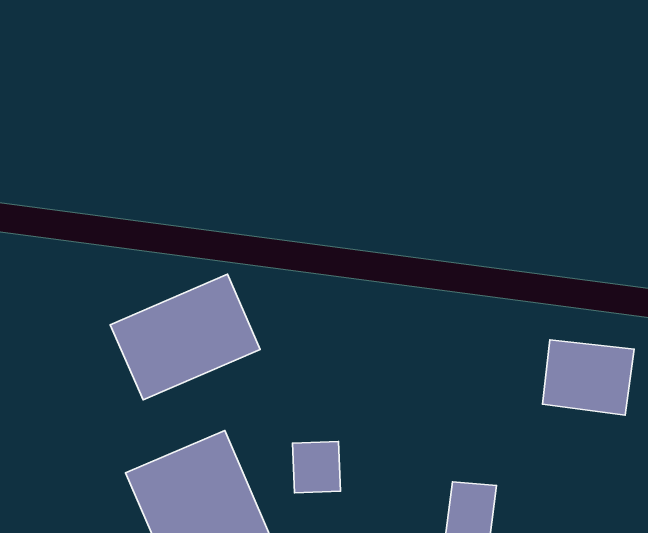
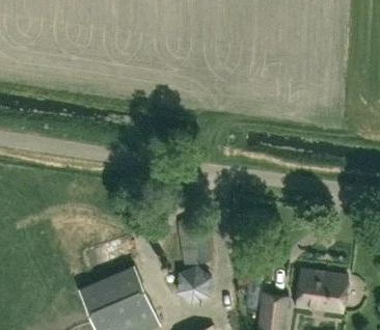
building: [110,274,260,400] -> none
building: [542,340,634,415] -> [296,269,348,311]

